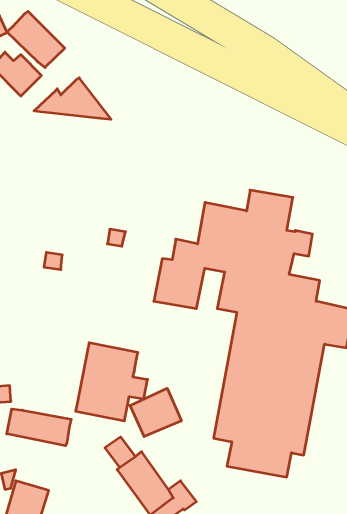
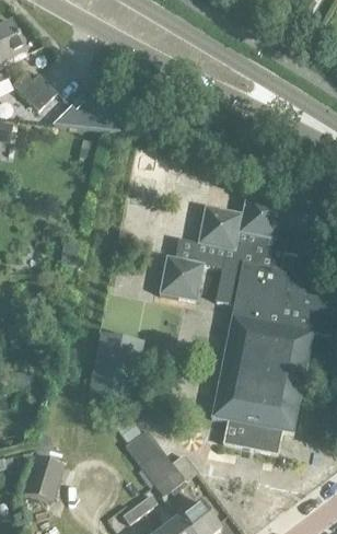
building: [7,11,65,68] -> none
building: [130,388,181,437] -> none
building: [7,409,71,446] -> none

